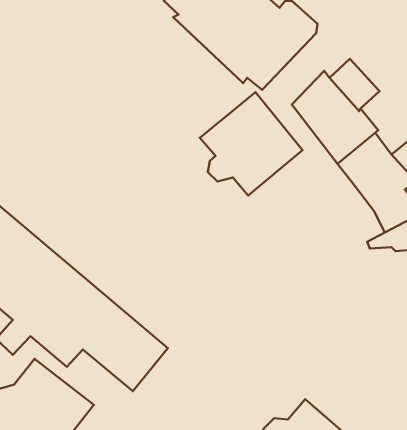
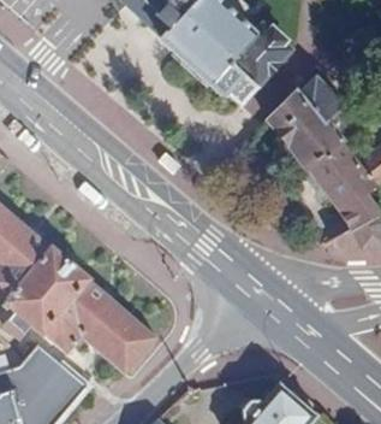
building: [200,92,302,196] -> none

